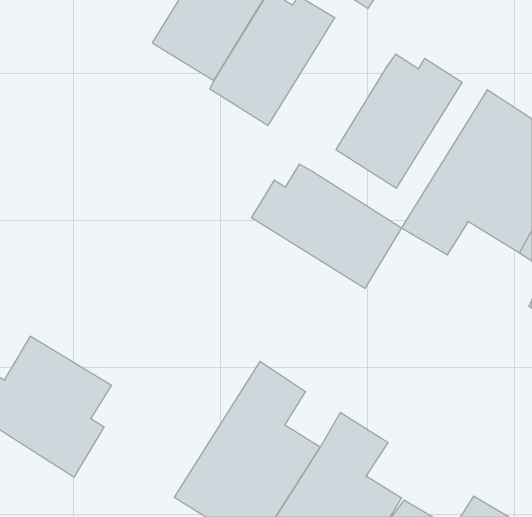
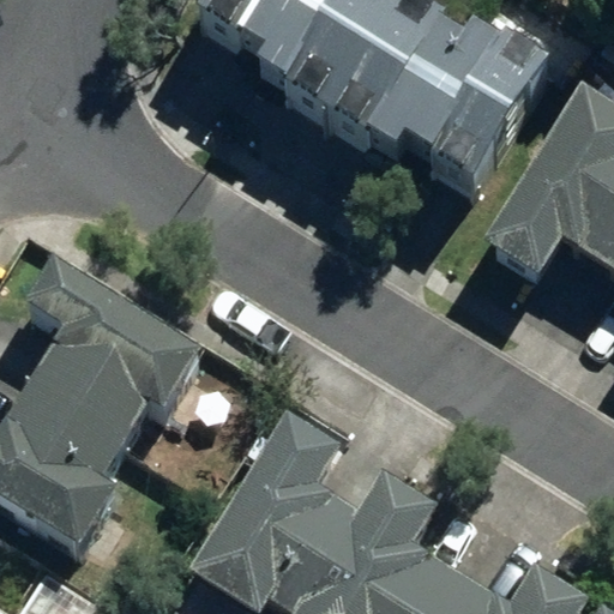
building: none -> [308,20,445,187]
building: [252,164,402,288] -> none
building: none -> [34,261,206,443]

